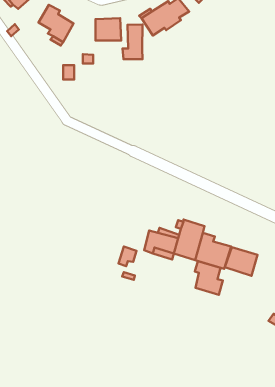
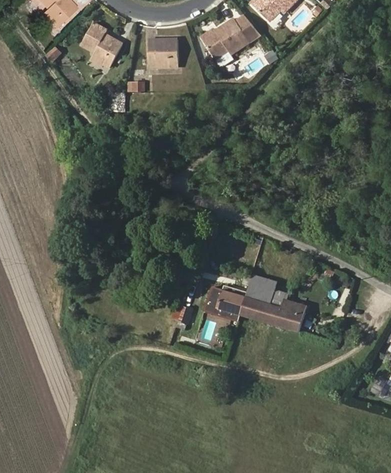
building: [123,25,143,59] -> none
building: [225,247,258,276] -> none
building: [195,261,223,295] -> none

